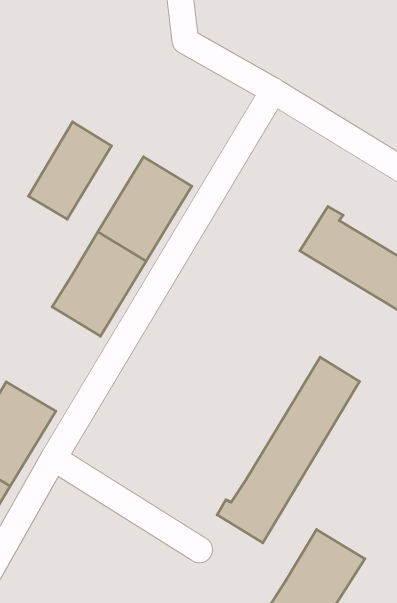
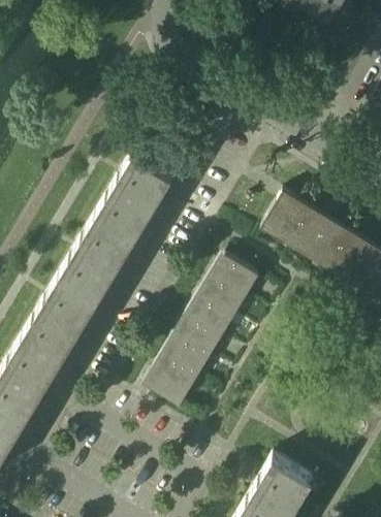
building: [28,122,112,219] -> none
building: none -> [26,271,102,356]
building: [217,357,359,543] -> [147,254,262,405]

